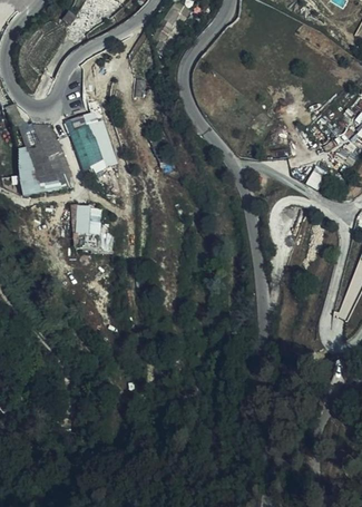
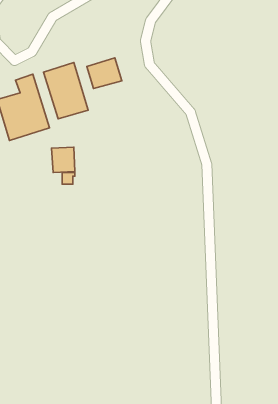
building: none -> [87,58,122,89]

